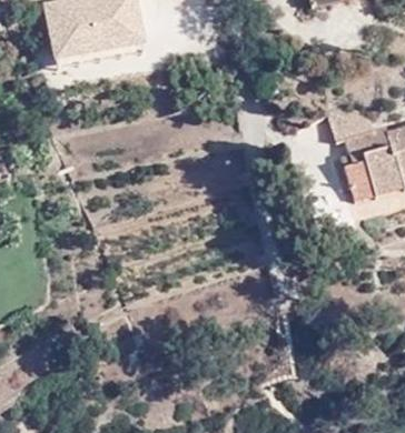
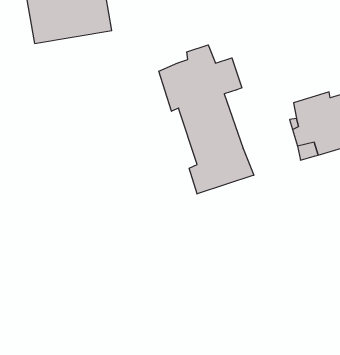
building: none -> [159,45,254,194]

